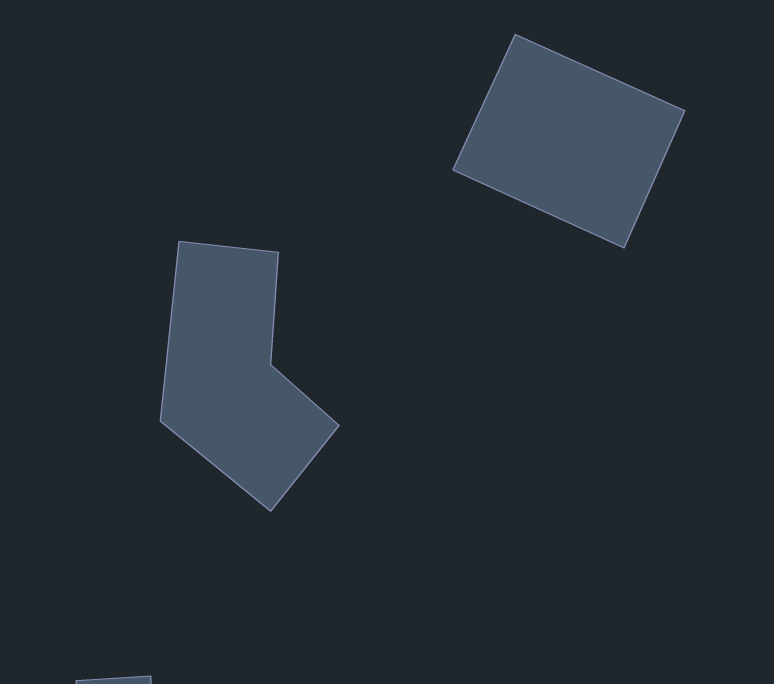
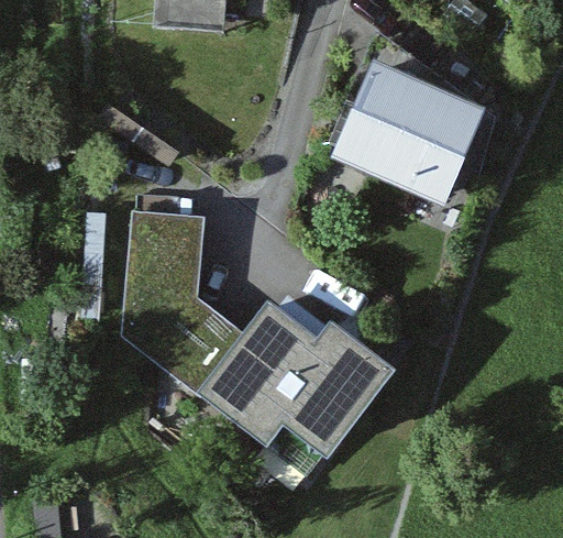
building: none -> [195,300,394,463]

